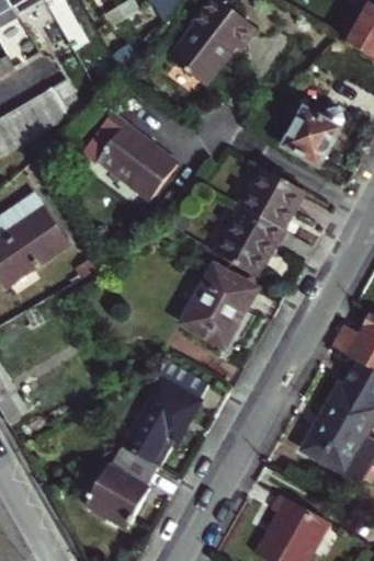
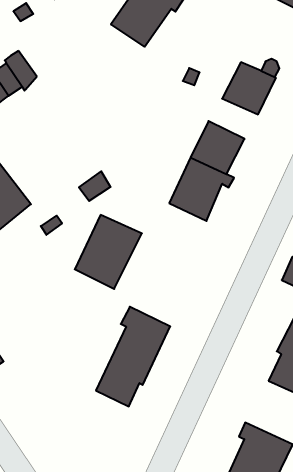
building: [80,112,177,199] -> none
building: [181,266,256,346] -> [75,215,142,289]
building: [84,447,157,527] -> none

